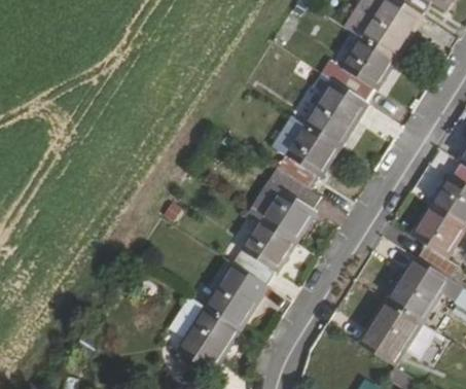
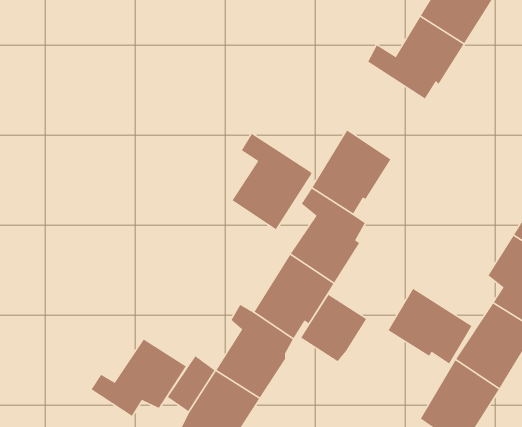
building: [303,73,365,147] -> [231,133,313,230]
building: none -> [388,288,472,364]
building: none -> [300,294,367,362]
building: none -> [91,339,187,417]

